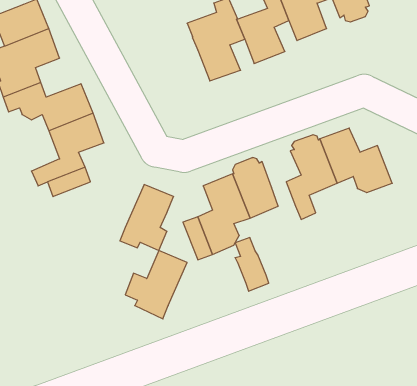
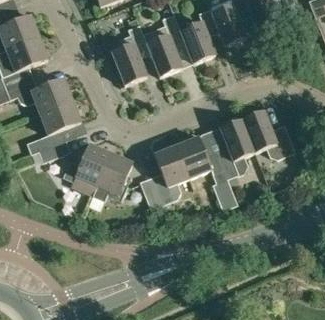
building: none -> [111,24,150,85]
building: [235,238,269,291] -> [212,169,237,209]
building: [125,250,187,319] -> [64,144,110,195]

